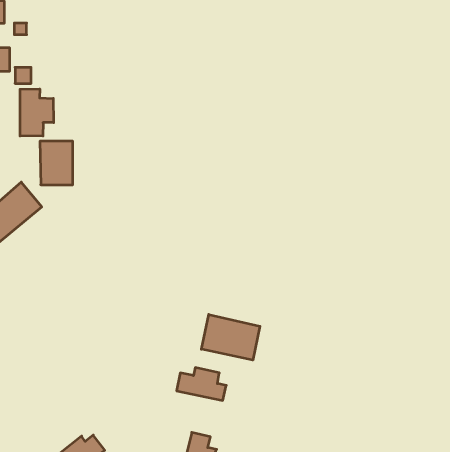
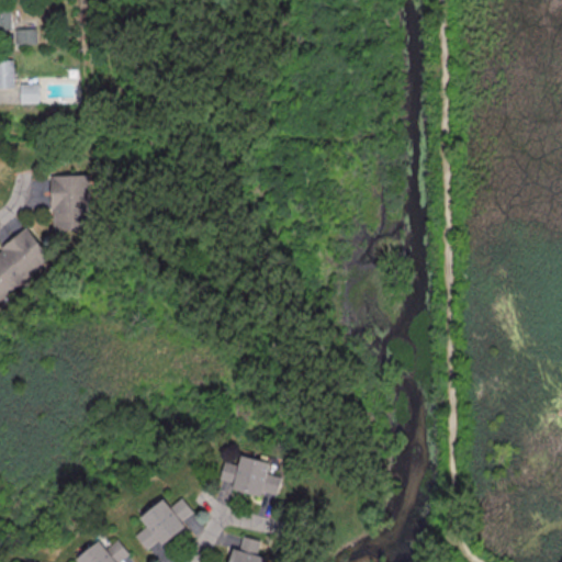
building: [20,89,54,136] -> none
building: [201,314,260,360] -> none
building: none -> [135,498,193,551]

